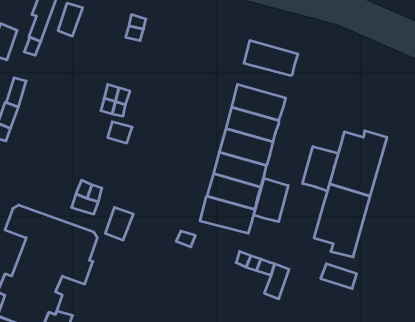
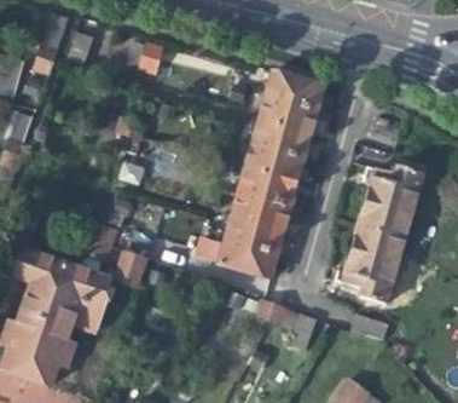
building: none -> [259,96,317,133]
building: [303,146,338,191] -> none
building: [254,178,288,222] -> none

